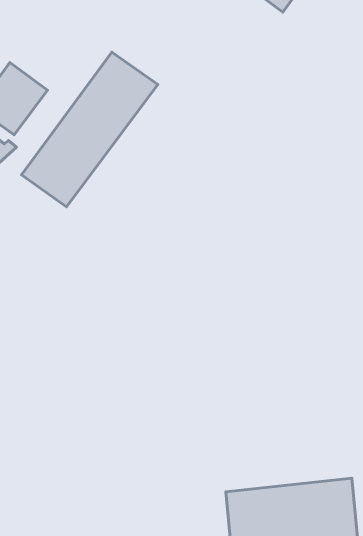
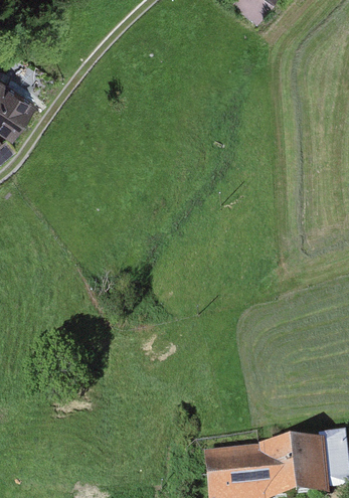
building: [22,52,158,207] -> none

